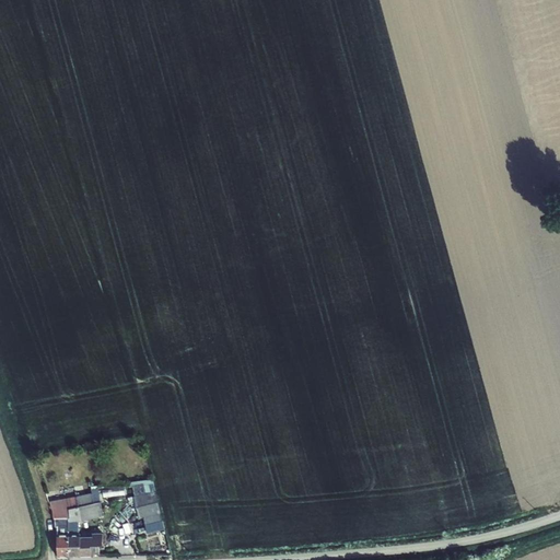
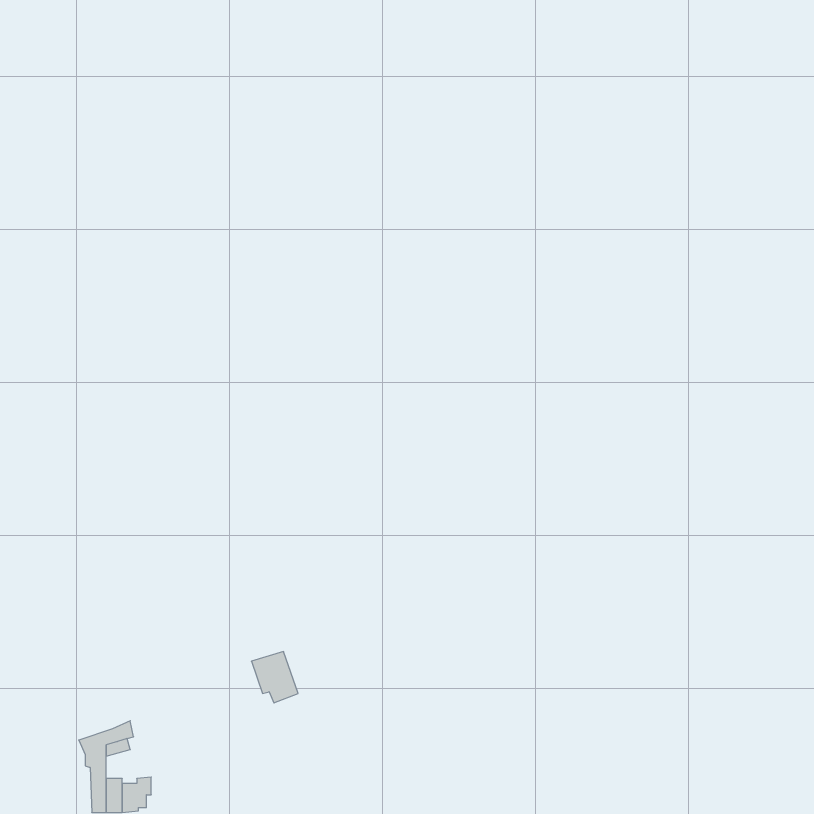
building: [128,489,160,524] -> [251,652,298,703]

